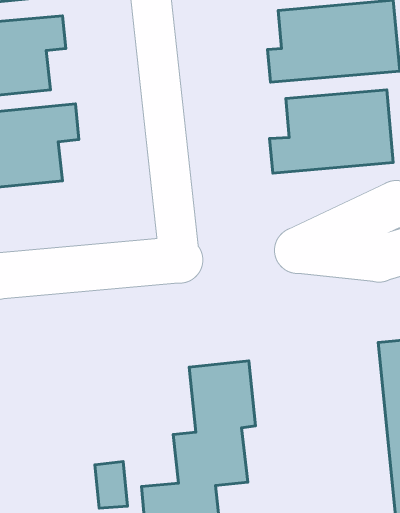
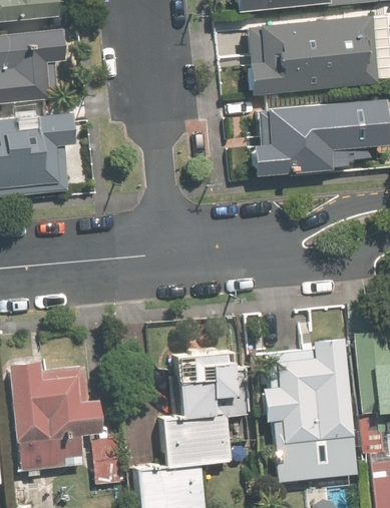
building: none -> [268,338,359,482]
building: none -> [10,361,101,471]

